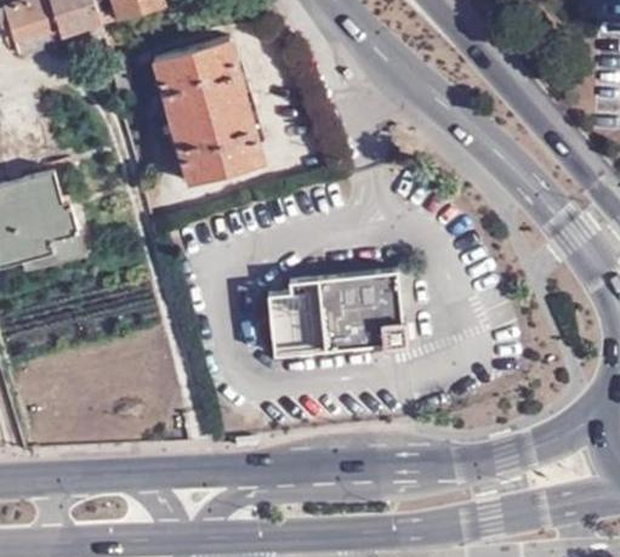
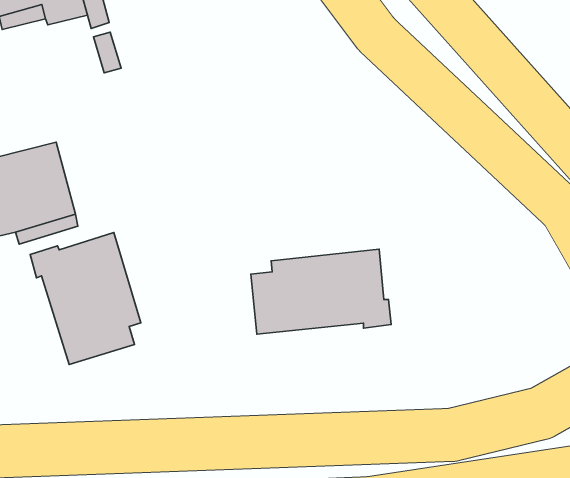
building: [149,35,261,180] -> none
building: none -> [30,233,141,365]

